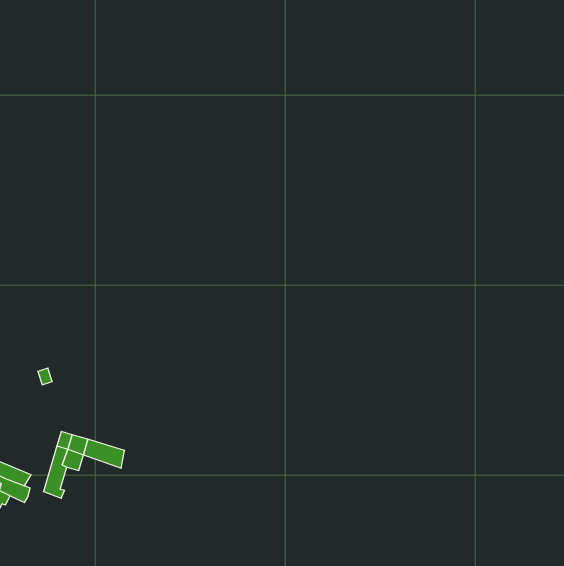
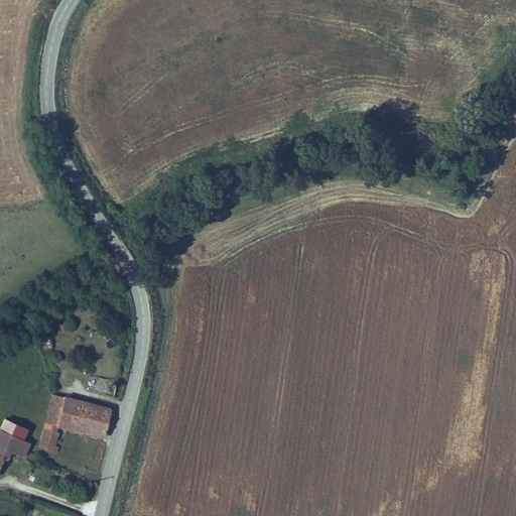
building: none -> [72,414,110,439]

